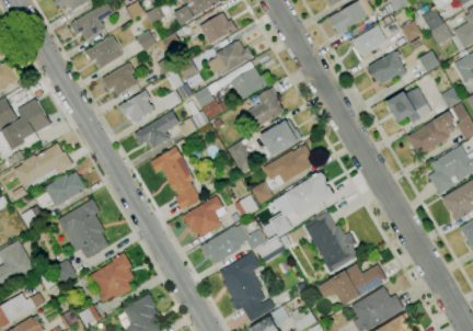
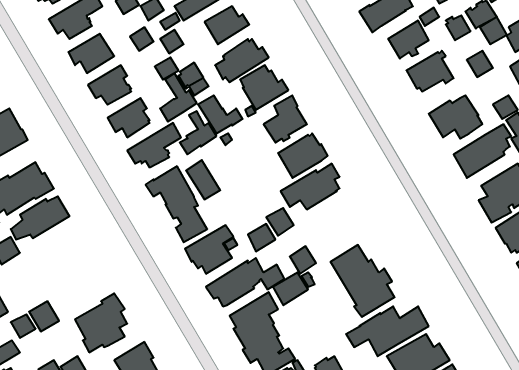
building: [228,140,256,173] -> [186,160,220,199]
building: [285,172,334,216] -> none
building: [58,198,109,259] -> none

